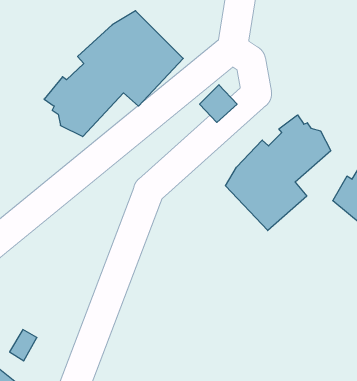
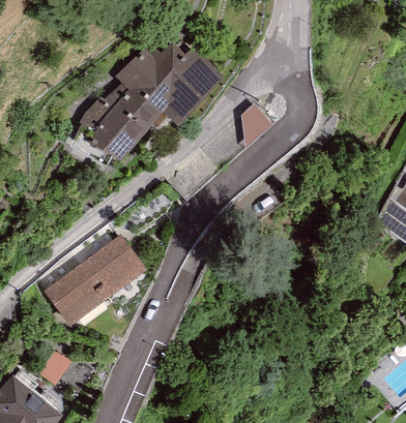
building: [225,115,331,231] -> none
building: none -> [44,235,146,325]

